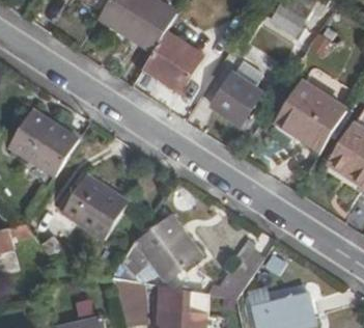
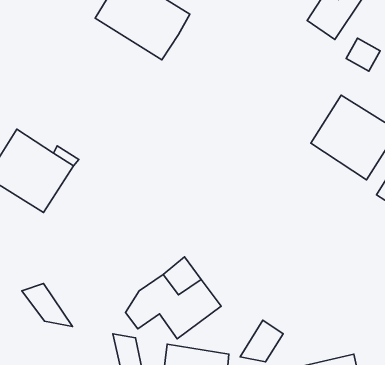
building: [142,30,204,91] -> none
building: [209,74,257,122] -> none
building: [61,173,129,238] -> none

